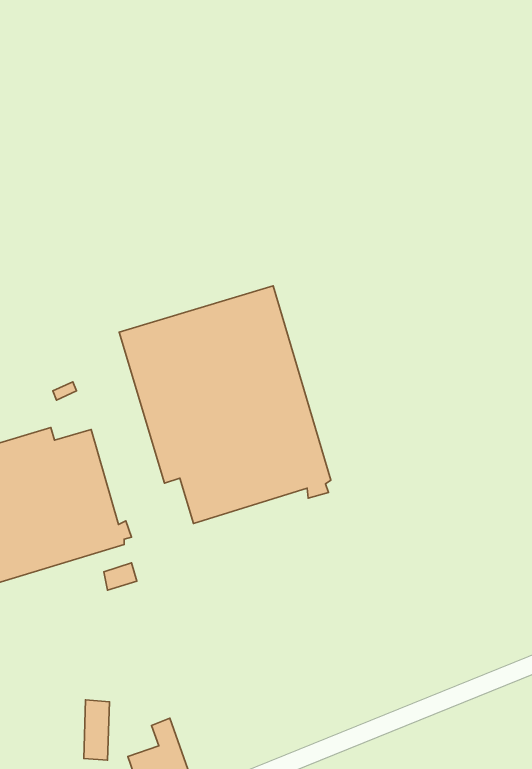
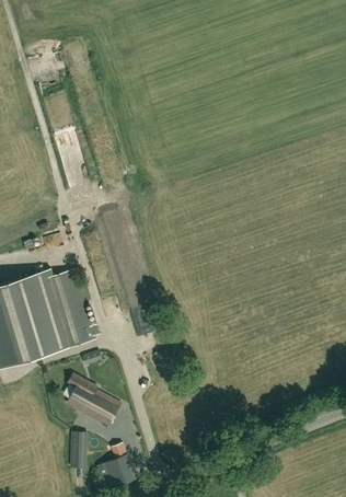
building: [119,286,331,523] -> none
building: none -> [67,374,119,426]

